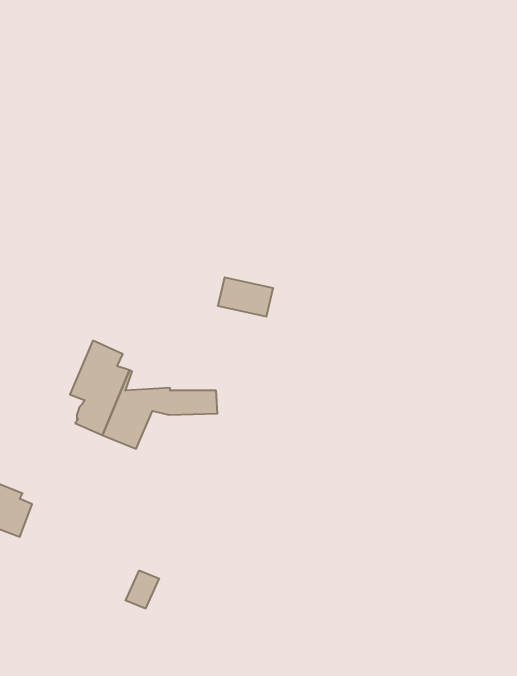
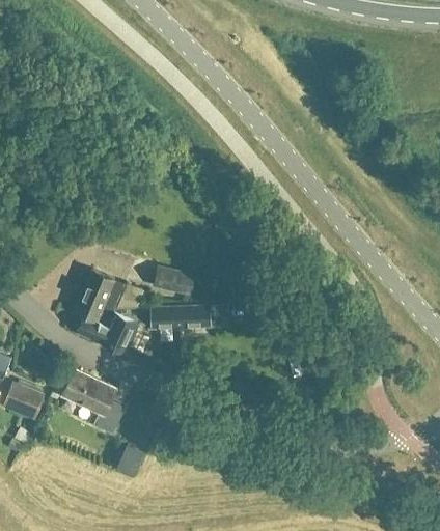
building: [218,277,273,317] -> [154,266,196,296]
building: none -> [62,369,122,431]

